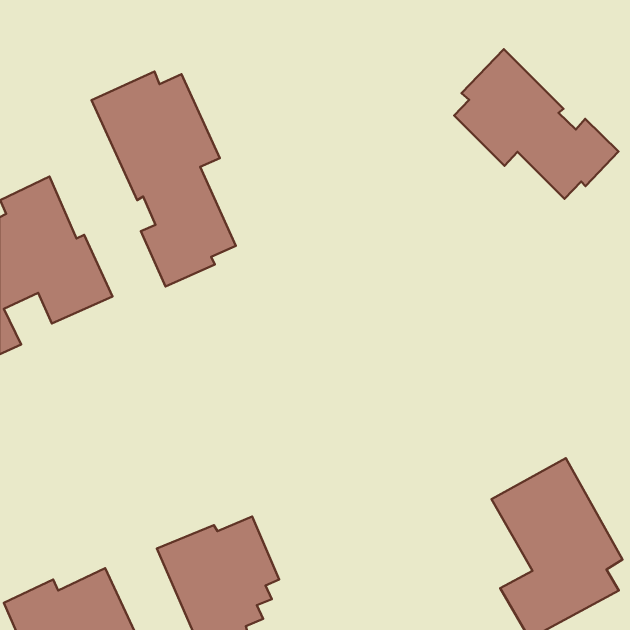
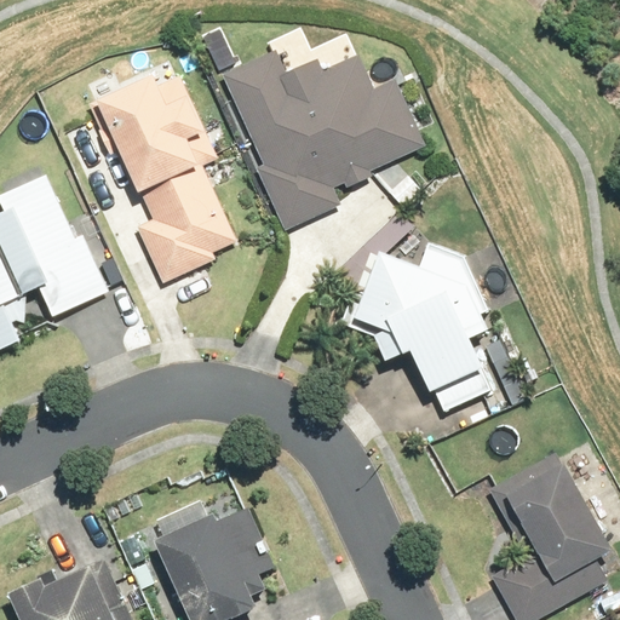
building: none -> [222,48,426,231]
building: [454,49,619,199] -> none
building: none -> [340,245,490,412]

